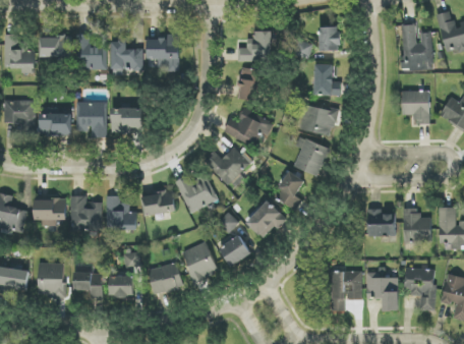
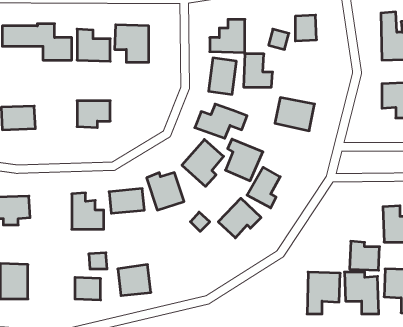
building: [313,64,341,96] -> [244,54,273,87]
building: [75,102,105,137] -> none
building: [293,136,329,176] -> [225,139,263,181]
building: [70,195,101,231] -> none
building: [366,209,395,236] -> [350,241,380,270]
building: [219,235,250,267] -> none
building: [181,242,218,283] -> none
building: [73,272,103,298] -> none

